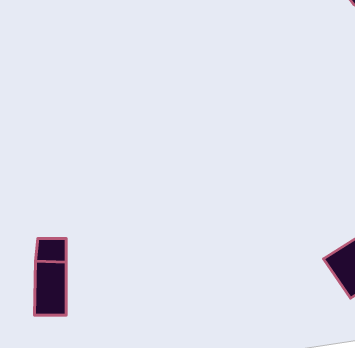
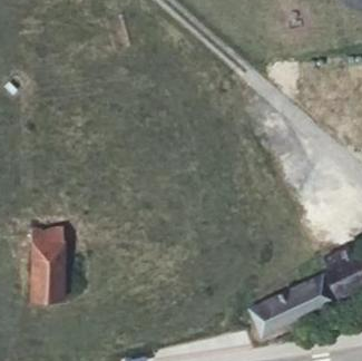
building: none -> [253,274,325,330]

